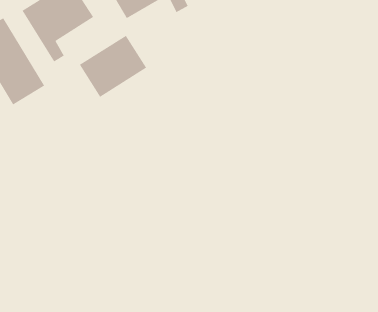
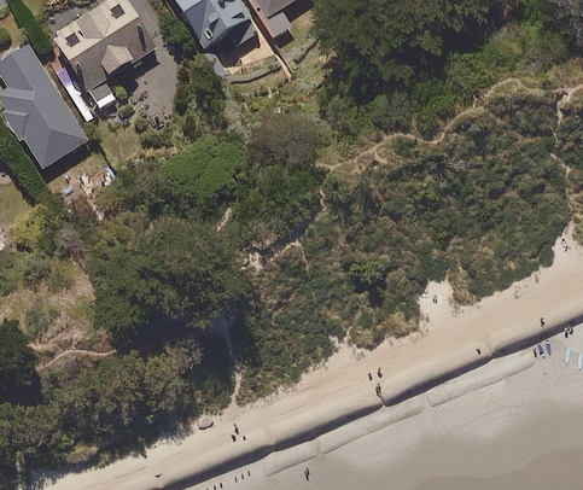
building: [79,35,147,98] -> none

